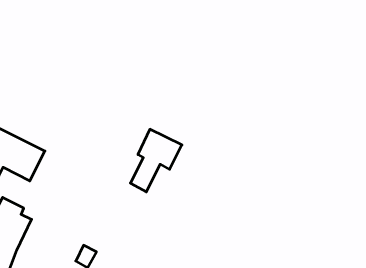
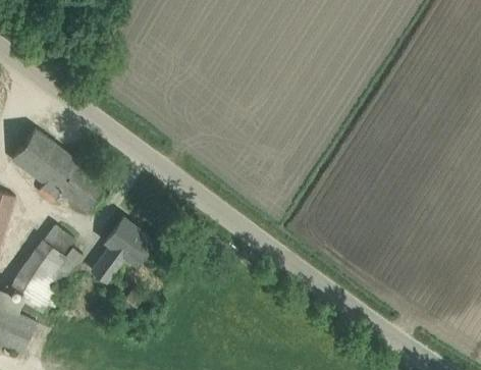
building: [130,129,182,192] -> [91,219,152,284]

